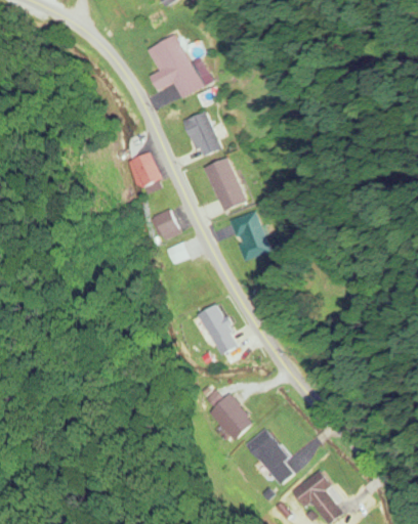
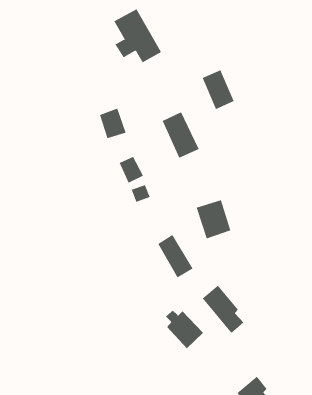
building: [182,111,221,159] -> [202,69,235,110]
building: [232,210,274,257] -> [196,200,231,239]
building: [244,428,294,486] -> [202,285,244,334]

